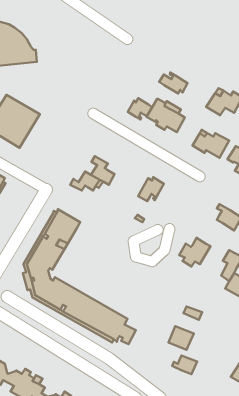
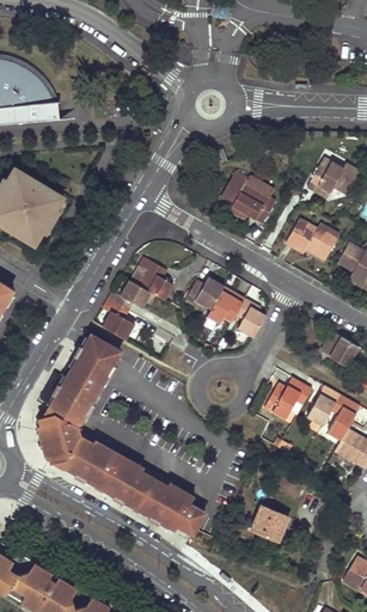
building: [159,73,188,93] -> none
building: [128,98,152,120] -> none
building: none -> [184,277,224,310]
building: none -> [236,298,265,337]
building: none -> [102,299,134,339]
building: none -> [306,385,340,424]
building: [172,355,197,374] -> none

